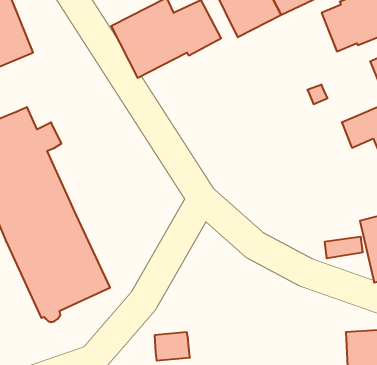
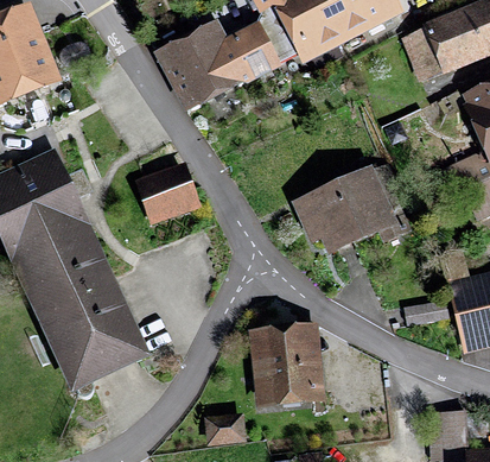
building: none -> [134,159,201,222]
building: none -> [292,164,411,254]
building: none -> [247,321,325,409]

